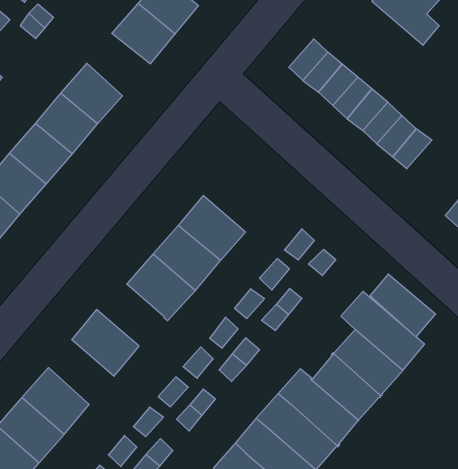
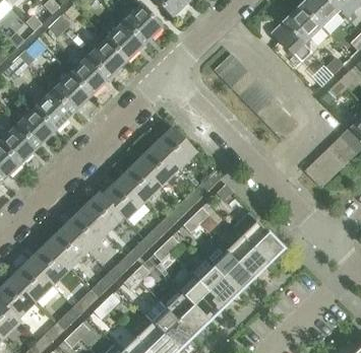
building: none -> [89,38,129,77]
building: none -> [155,127,197,169]
building: [370,274,436,337] -> none
building: none -> [81,192,123,234]
building: none -> [48,226,88,268]

